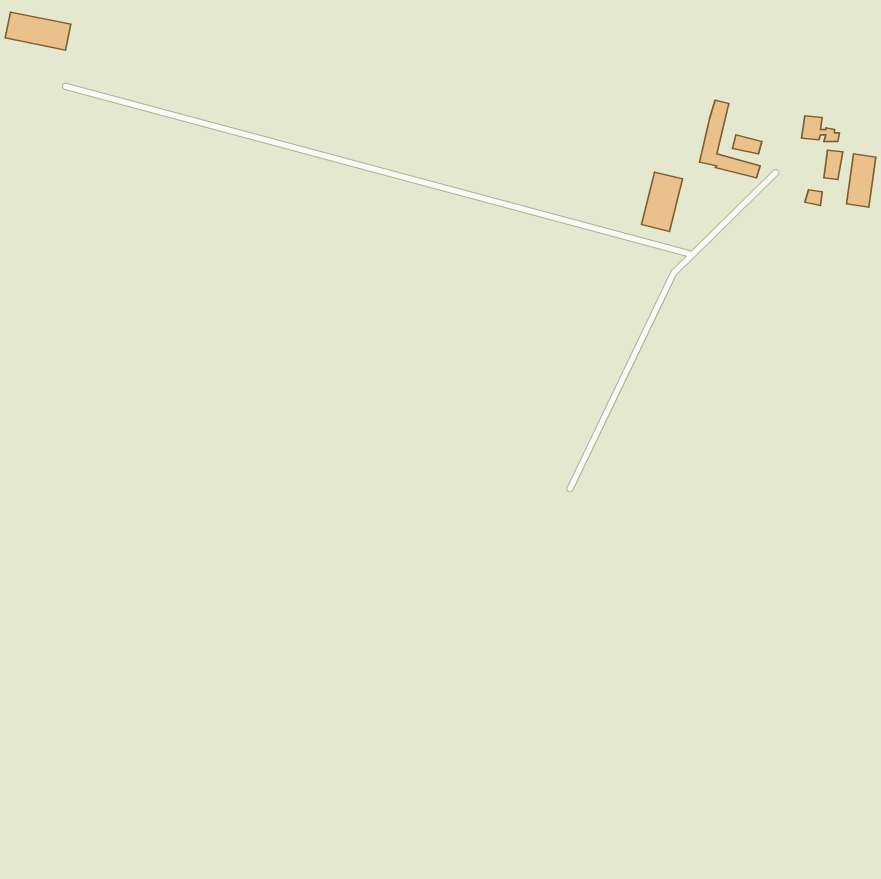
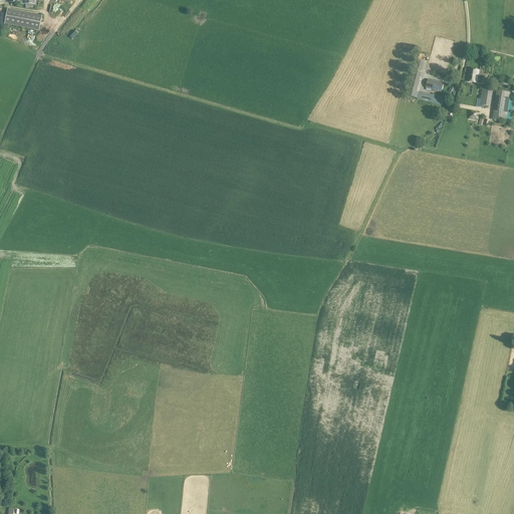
building: [642,172,682,231] -> none

